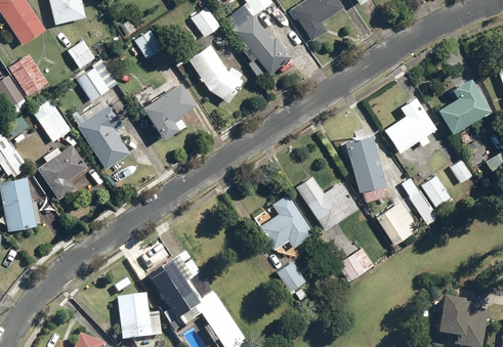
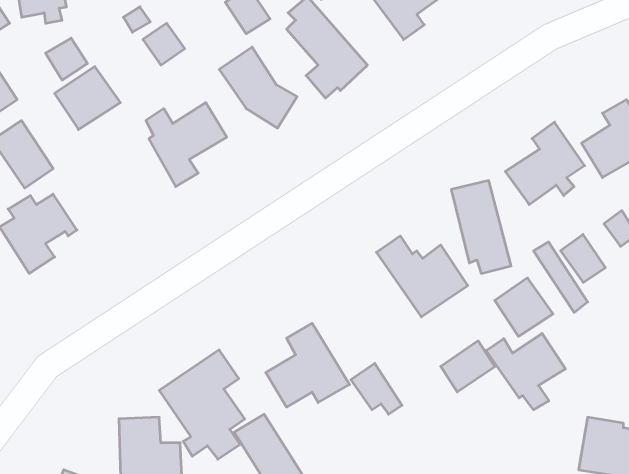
building: [76,103,128,169] -> none
building: [256,193,313,251] -> [266,323,350,407]
building: none -> [486,333,565,410]

